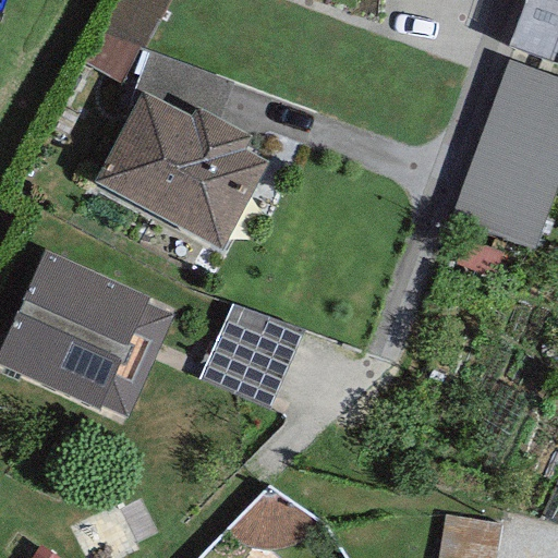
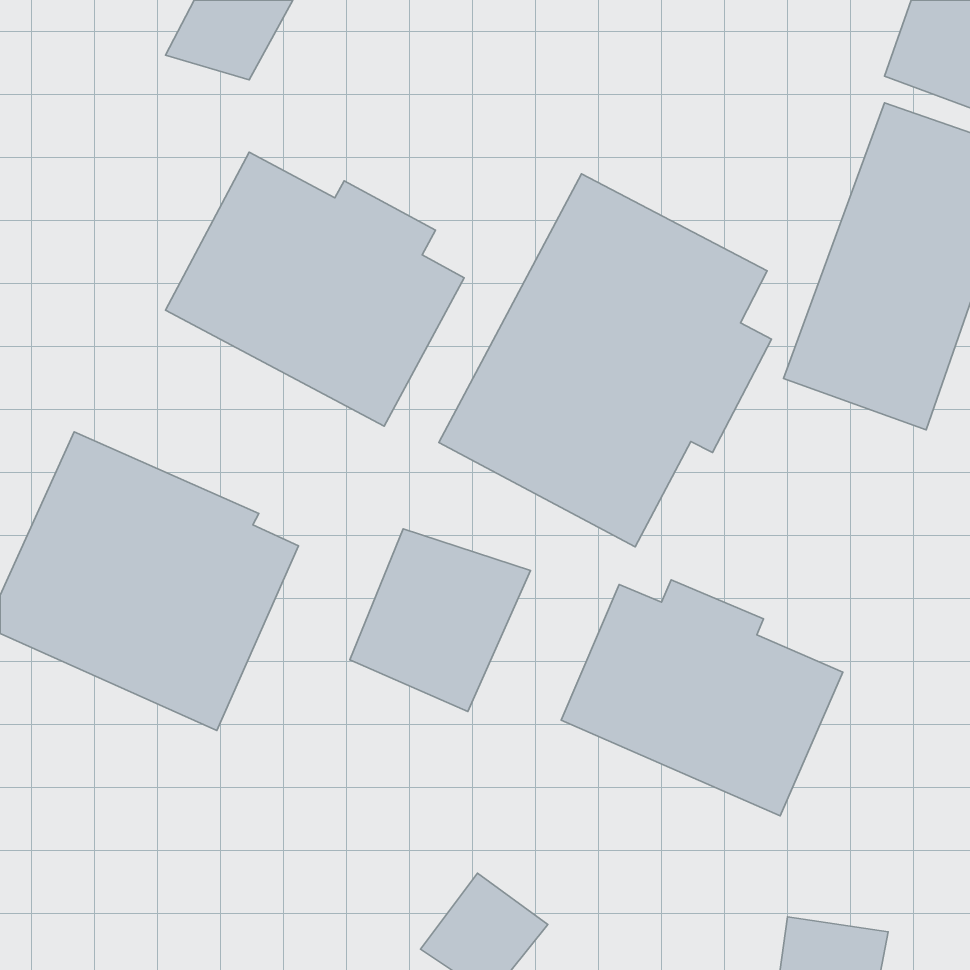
building: none -> [439,174,771,547]
building: none -> [561,580,843,816]

